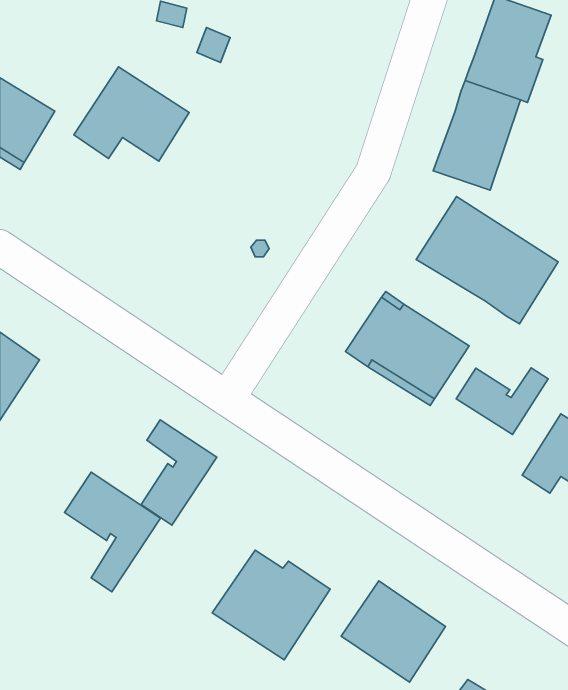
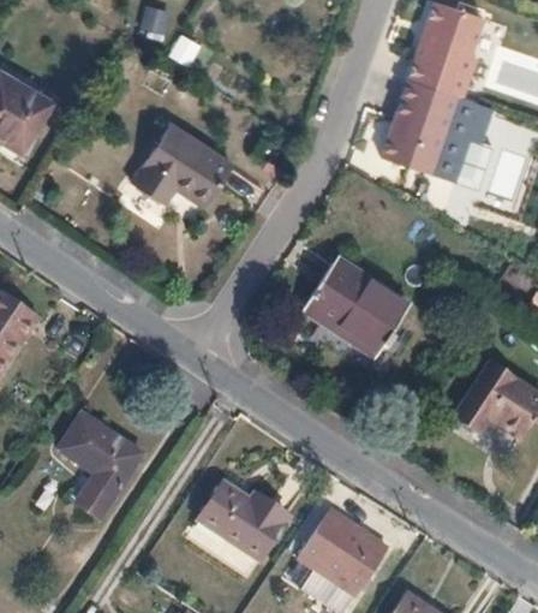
building: [74,67,189,161] -> [132,123,232,204]
building: [416,197,558,324] -> none
building: [456,368,548,435] -> none
building: [141,420,217,525] -> none

